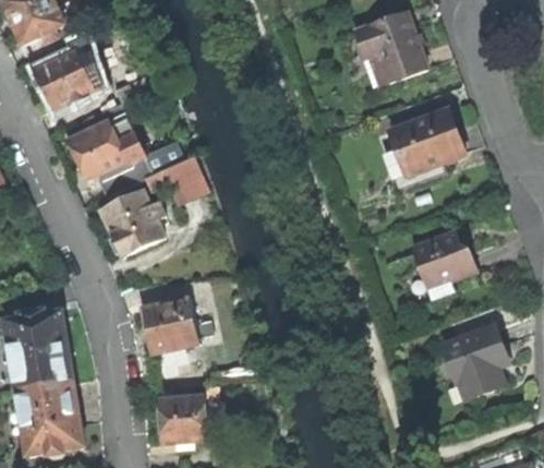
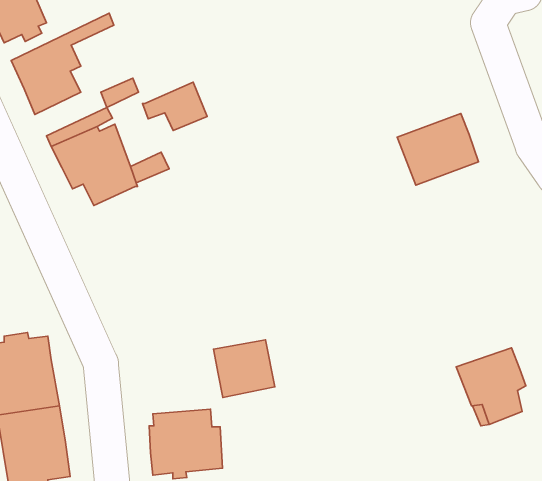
building: [354,10,424,82] -> none
building: [145,157,205,202] -> [142,82,207,131]
building: [100,191,165,255] -> none
building: [412,231,476,287] -> none
building: [143,298,200,351] -> [213,340,275,397]

